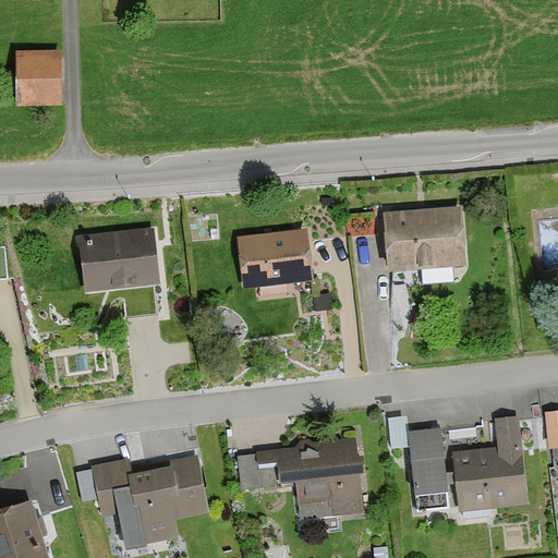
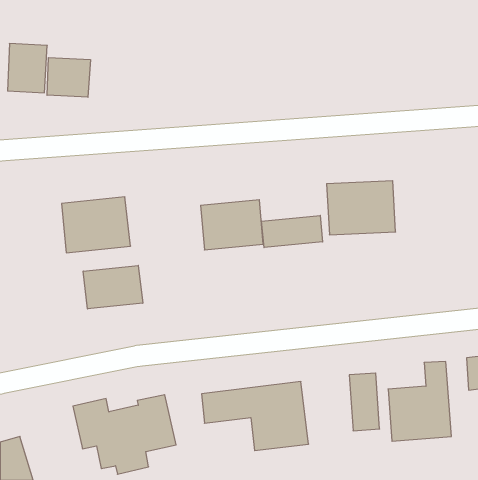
building: none -> [47,58,90,97]
building: none -> [262,215,323,248]
building: none -> [83,265,143,309]

